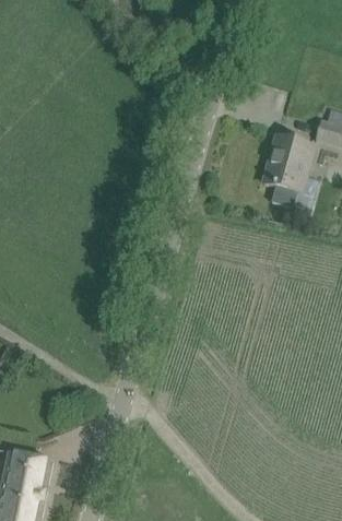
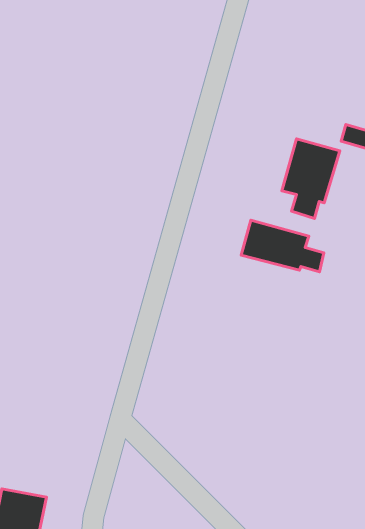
building: none -> [241,220,324,272]

